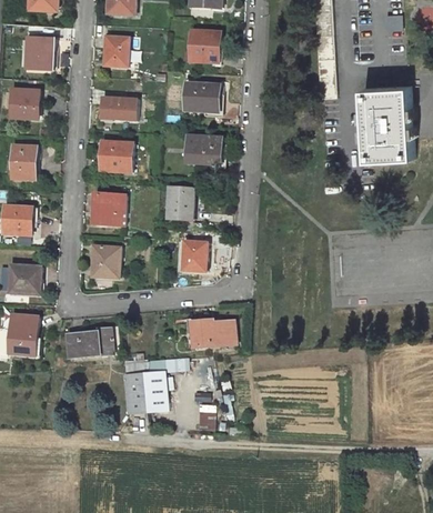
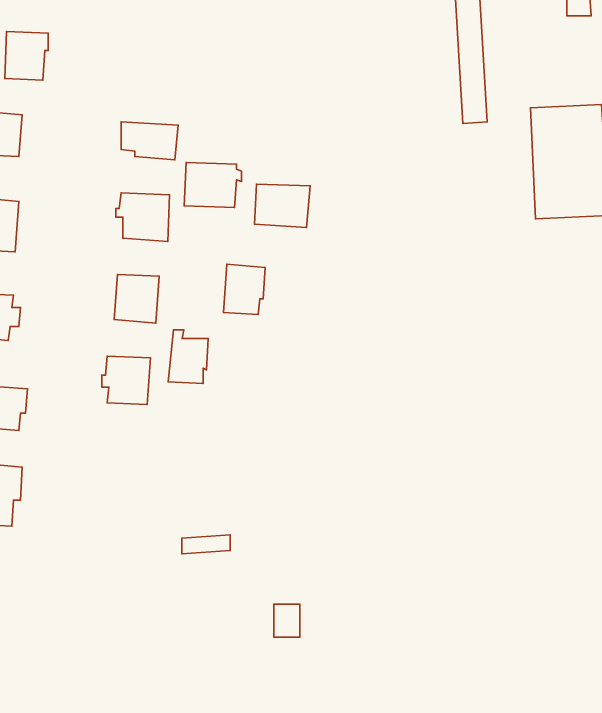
building: [189,31,218,63] -> none
building: [103,38,128,67] -> none
building: [184,83,221,112] -> [184,162,242,207]
building: [180,238,205,272] -> [168,330,208,384]
building: [185,320,234,348] -> none
building: [67,329,111,358] -> none
building: [124,374,164,410] -> none

